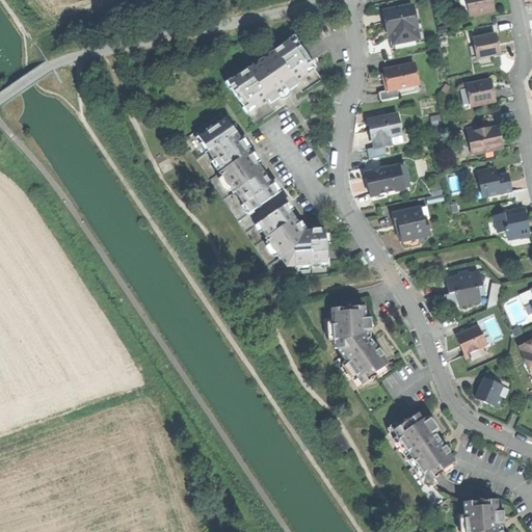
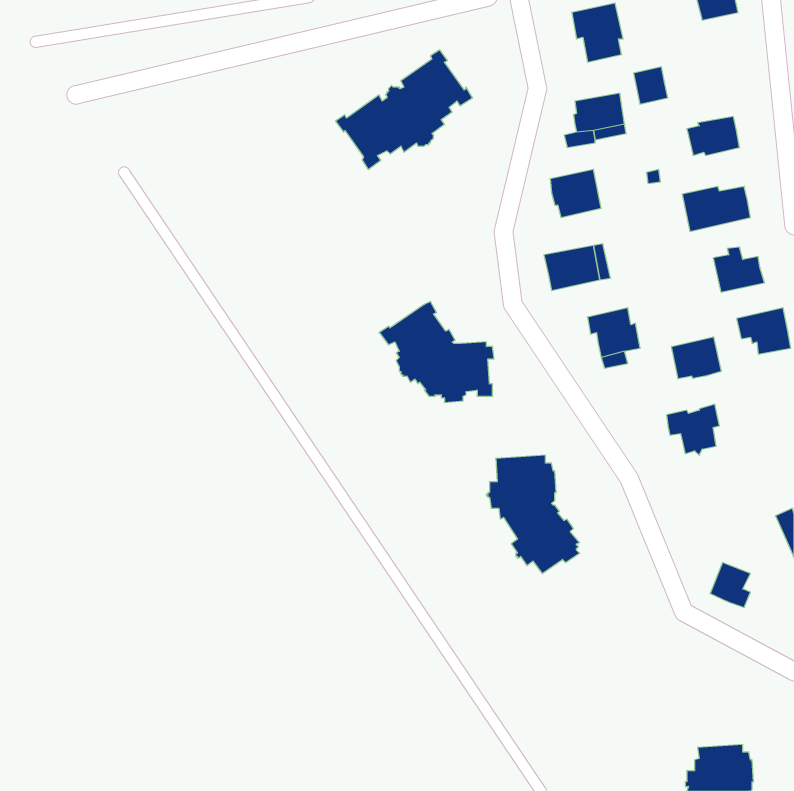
building: [475,31,498,56] -> [634,67,668,104]
building: [195,117,280,215] -> none
building: none -> [672,337,721,379]
building: [455,323,486,352] -> none
building: [388,411,453,486] -> none

